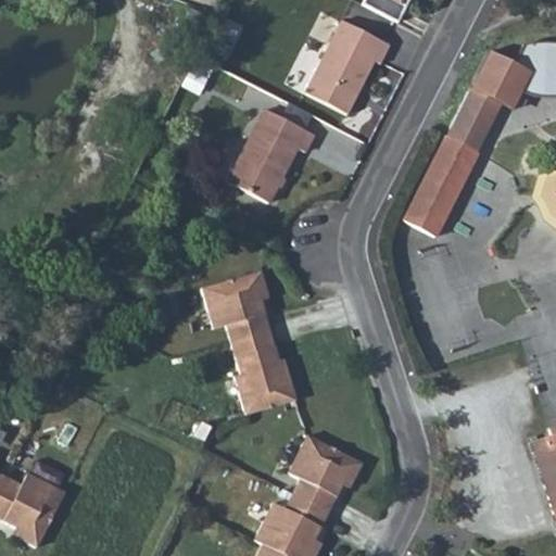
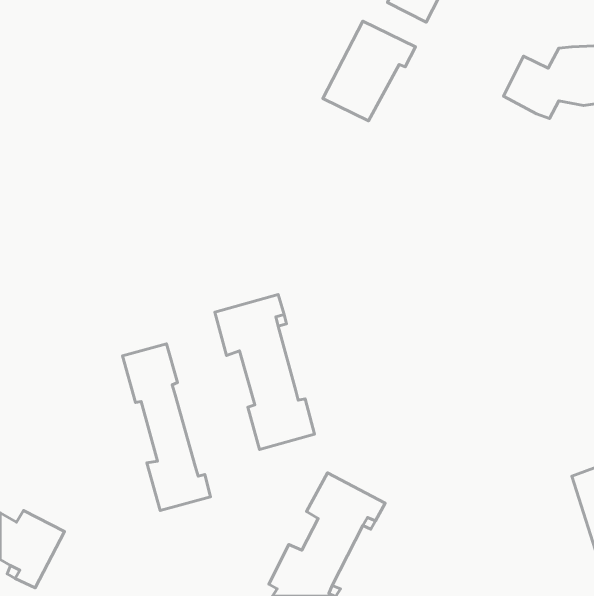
building: [407,89,502,228] -> none
building: [232,109,316,201] -> none
building: none -> [123,344,211,511]

